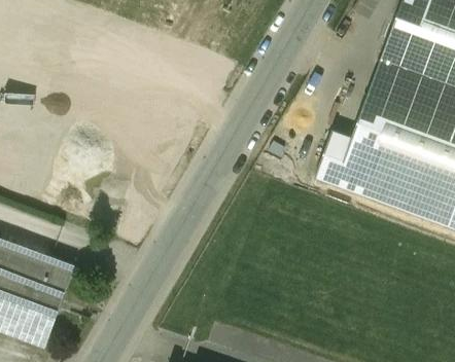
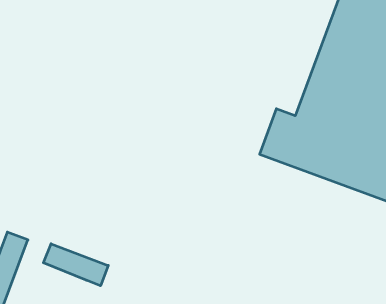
building: none -> [43,244,108,286]

